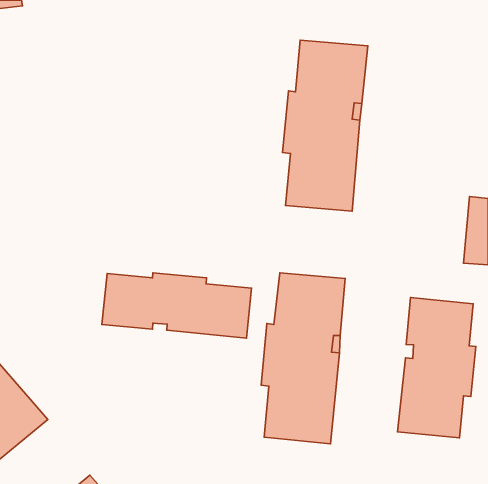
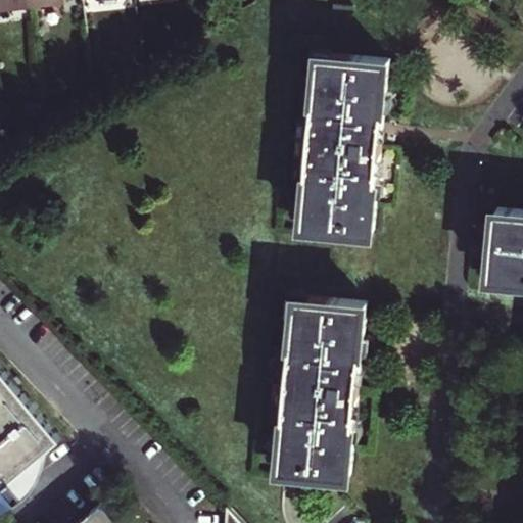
building: [102,273,252,338] -> none
building: [398,297,476,438] -> none

